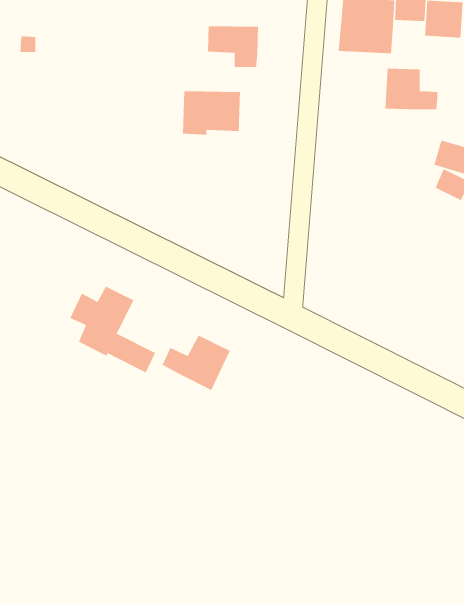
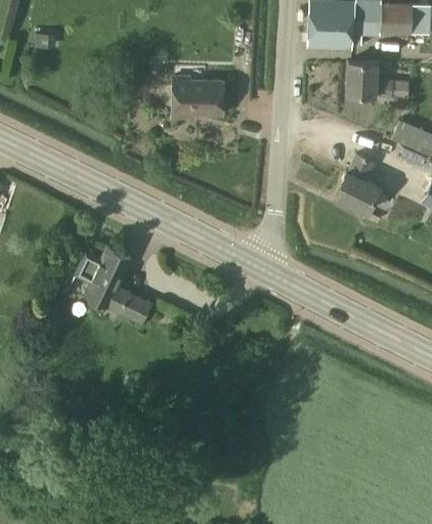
building: [207,26,259,68] -> none
building: none -> [335,155,380,216]
building: [162,335,231,391] -> none

